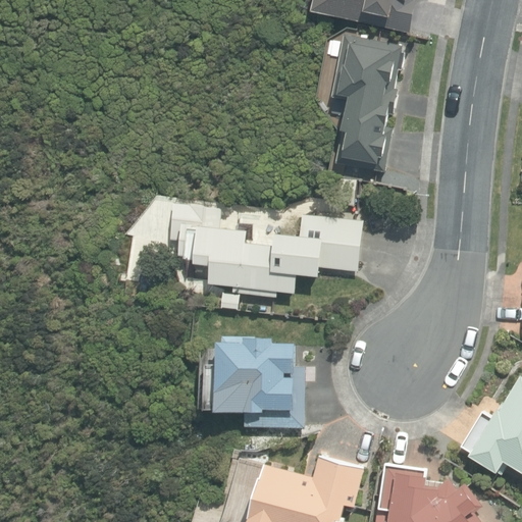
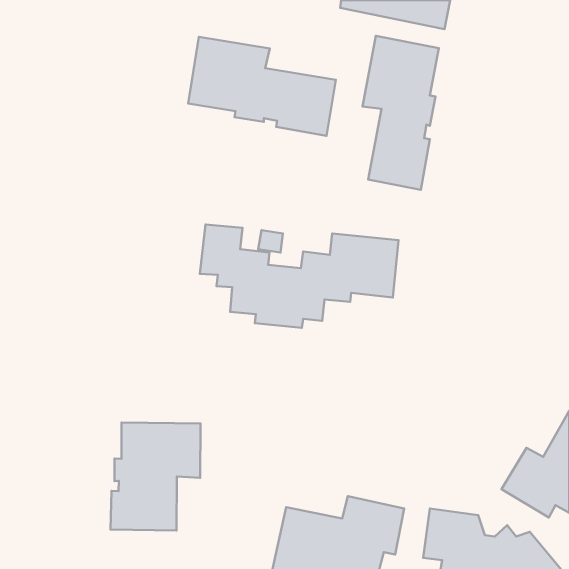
building: none -> [188,37,336,136]
building: [203,336,301,428] -> none
building: none -> [110,423,200,531]

